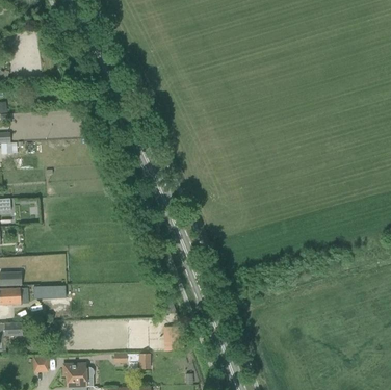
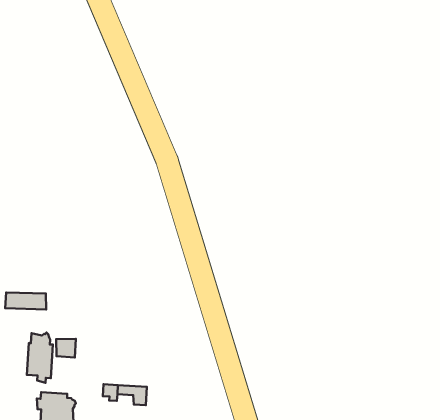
building: none -> [27,332,53,383]

